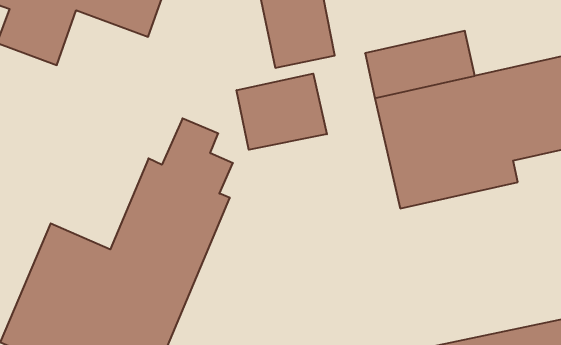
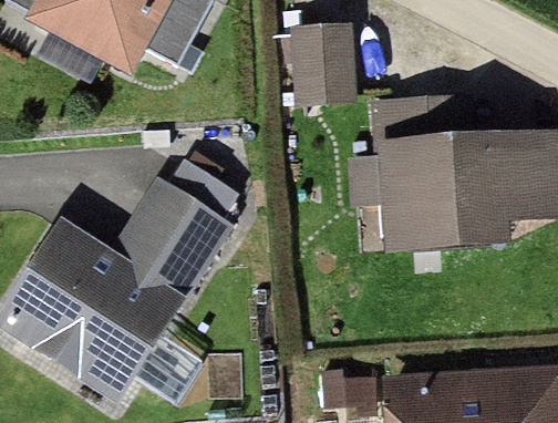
building: [237,74,327,150] -> none

